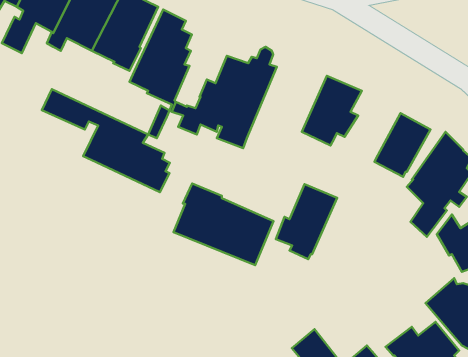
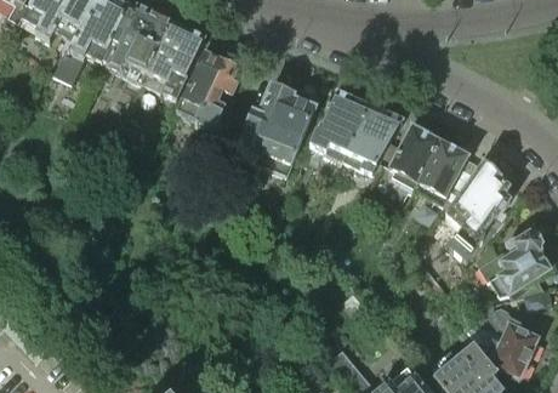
building: [42,89,170,192] -> none
building: none -> [386,124,440,187]
building: [173,184,274,265] -> none
building: [276,184,337,259] -> [309,90,369,163]

